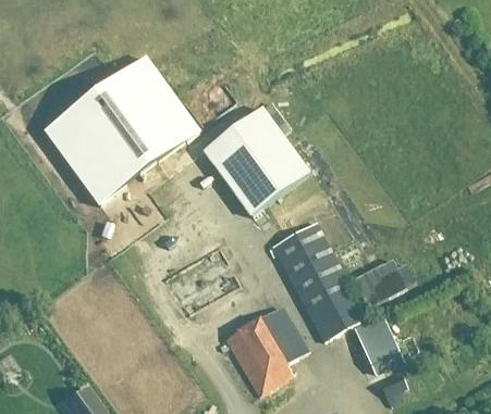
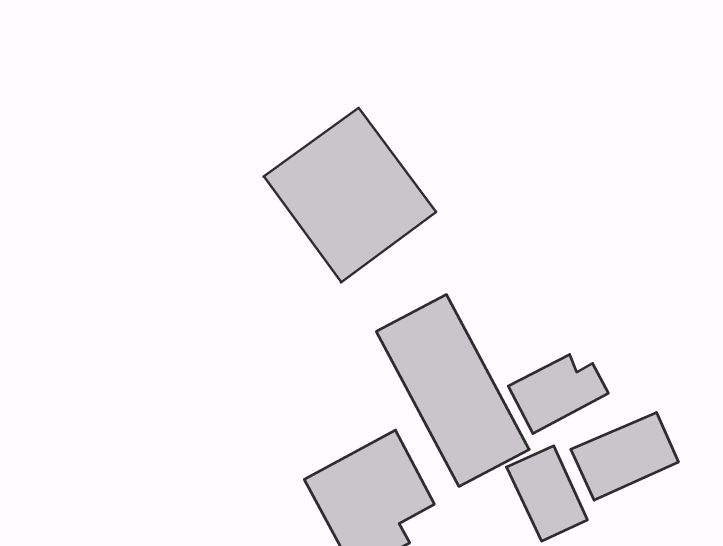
building: [46,58,199,203] -> none
building: none -> [571,412,678,500]

